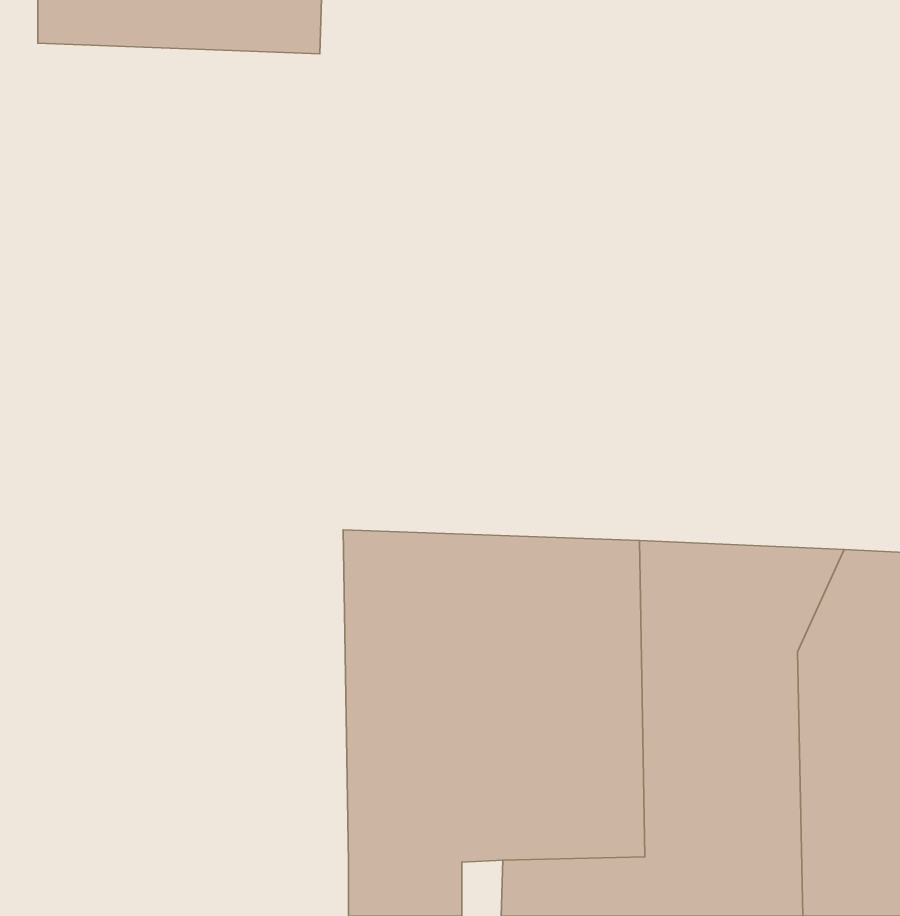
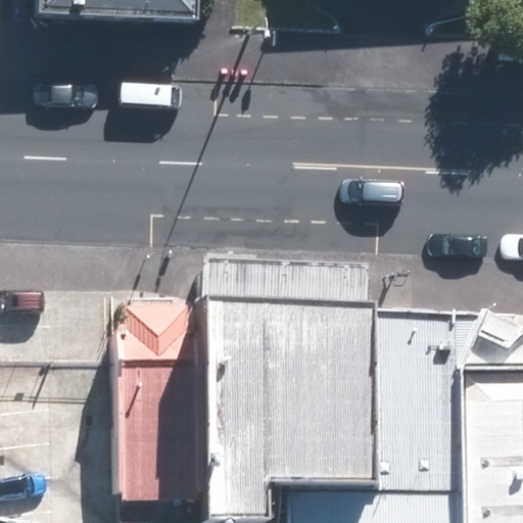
building: none -> [122,298,208,492]

